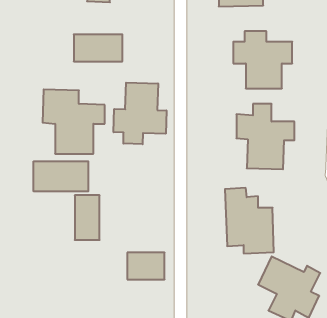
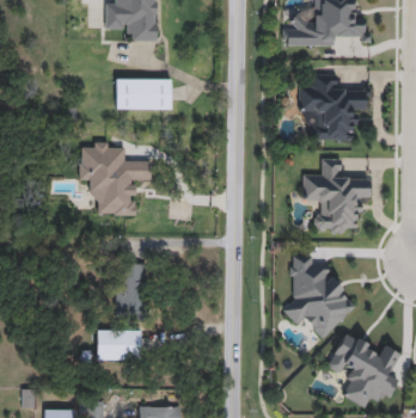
building: [114,83,166,144] -> none
building: [34,161,88,191] -> none
building: [127,253,165,279] -> [97,328,140,359]

